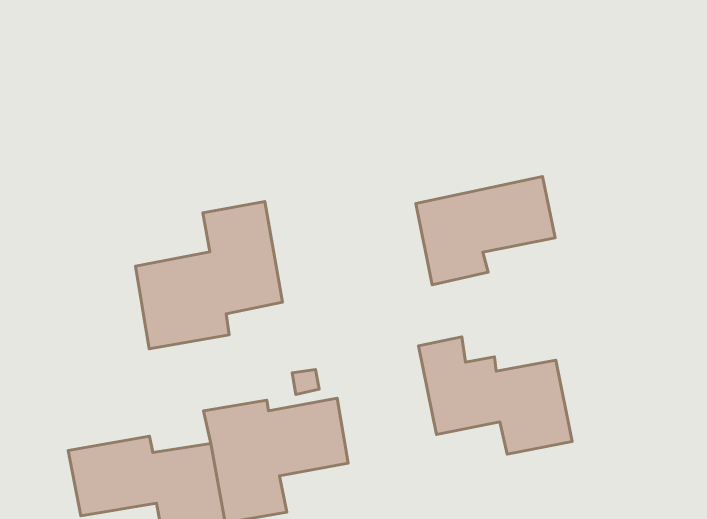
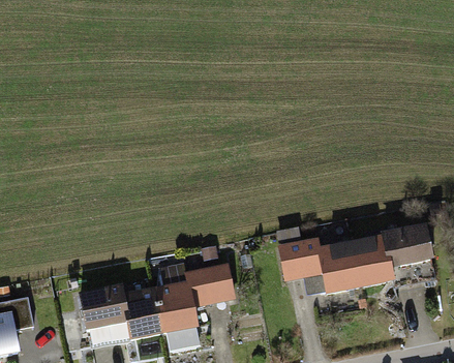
building: [416,176,555,285] -> [353,224,432,286]
building: [136,202,282,349] -> none

